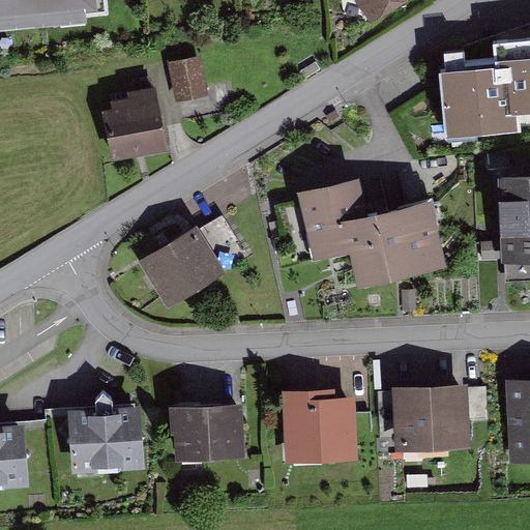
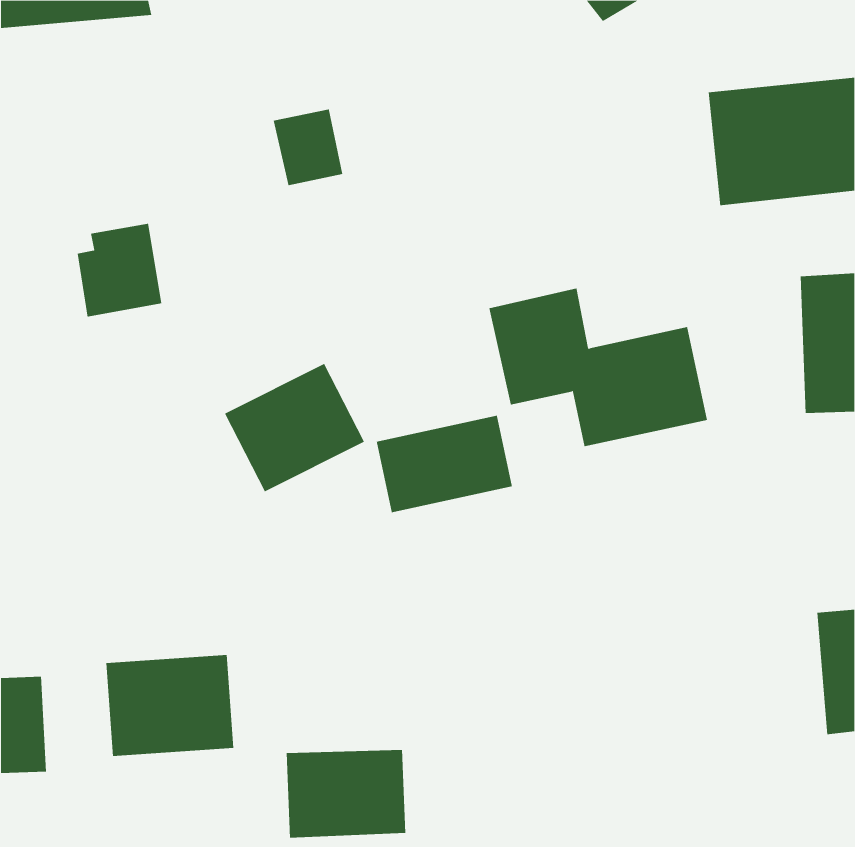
building: [108,97,160,155] -> [77,223,162,317]
building: none -> [376,415,512,513]
building: [390,384,469,448] -> none
building: [288,399,358,461] -> none
building: [169,404,243,459] -> [286,750,406,838]

